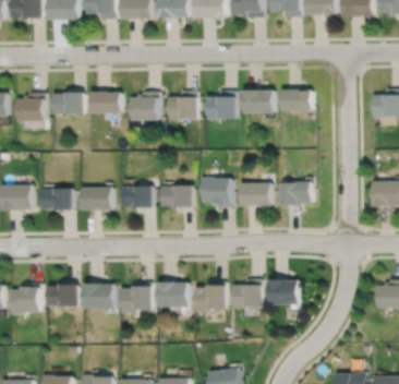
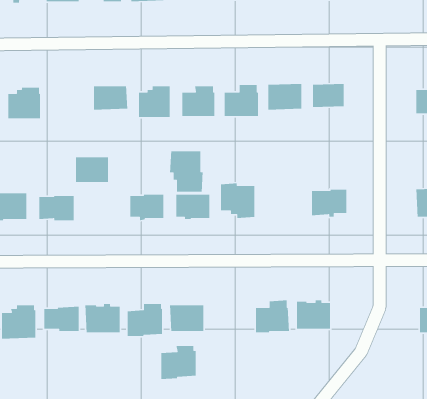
building: [50,92,82,115] -> none
building: none -> [169,151,204,193]
building: [241,183,271,207] -> none
building: [82,188,111,211] -> [75,157,109,183]
building: [193,283,225,313] -> [161,345,197,380]

